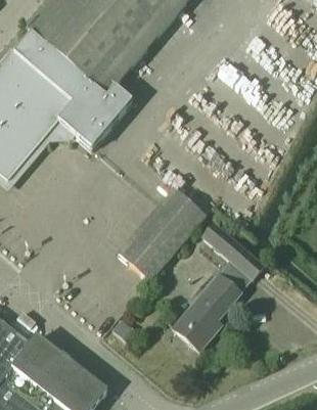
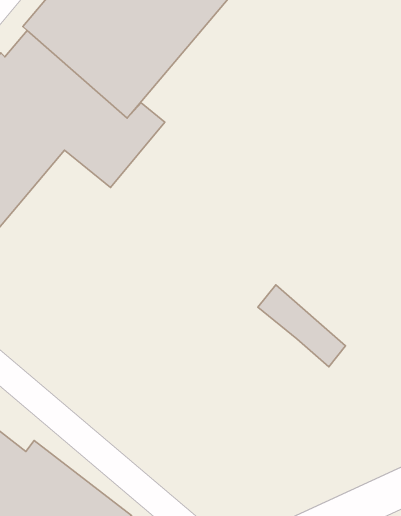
building: [117,185,206,279] -> none
building: [174,273,240,348] -> none

